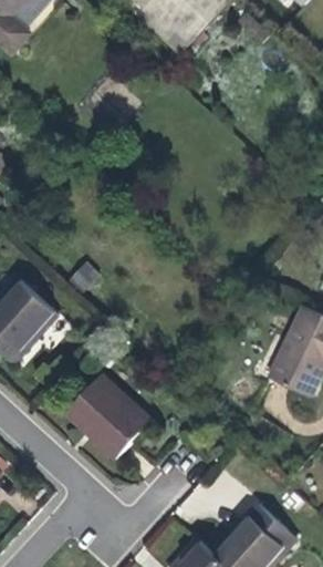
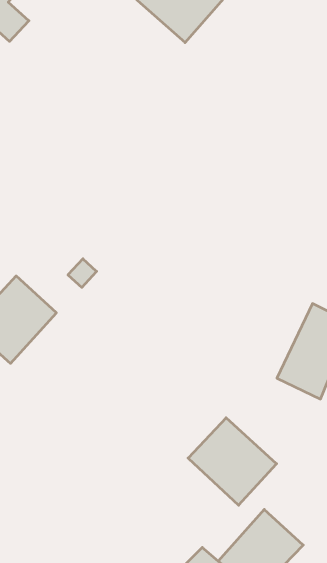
building: [66,374,152,458] -> [188,418,277,505]

